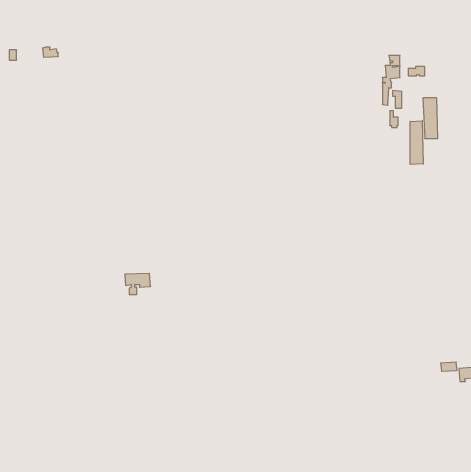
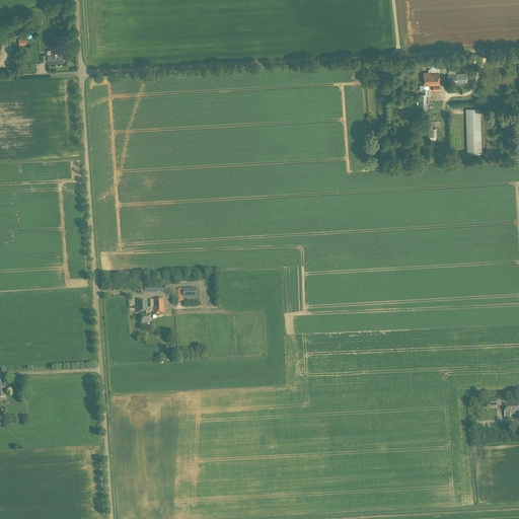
building: [410,121,423,164] -> none

